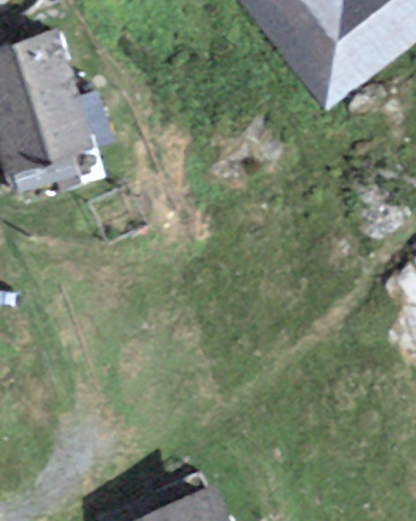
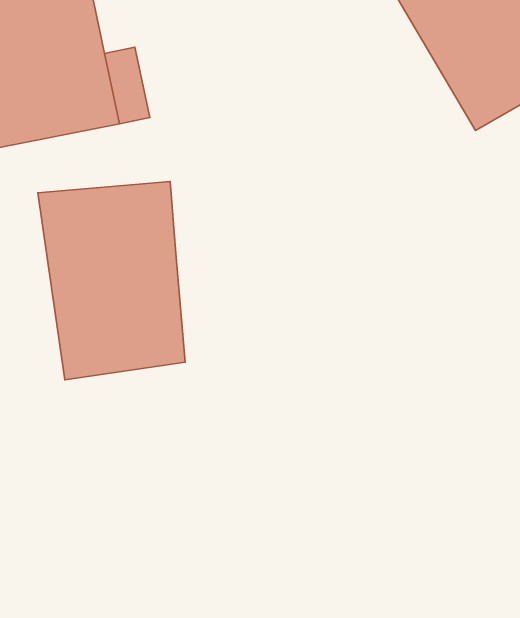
building: none -> [38,181,185,380]

